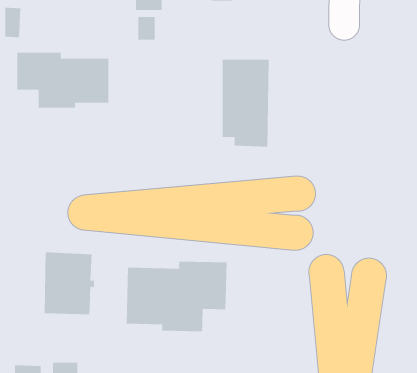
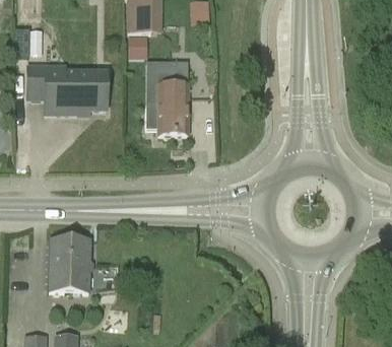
building: [222,59,269,147] -> [146,59,187,134]
building: [126,261,227,332] -> none

